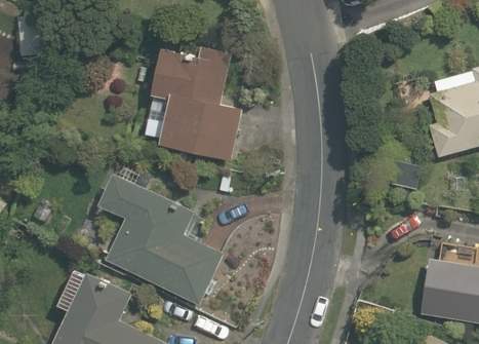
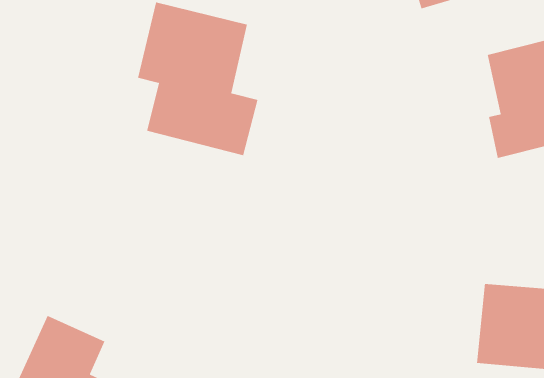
building: [101,174,229,310] -> none

